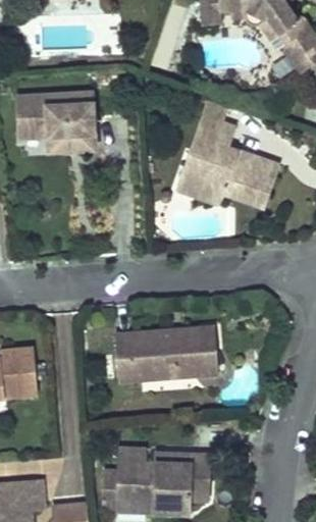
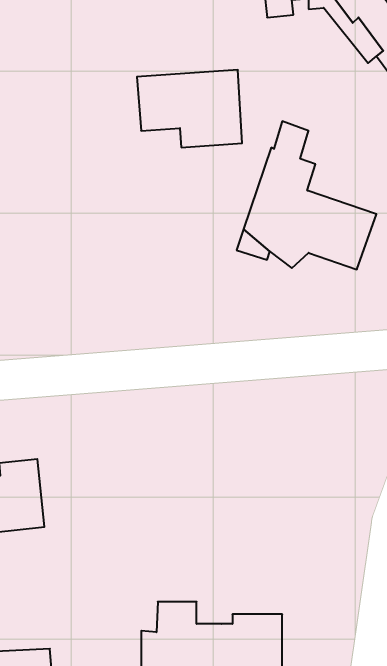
building: [18,96,96,153] -> [137,70,242,147]
building: [117,327,221,380] -> none

